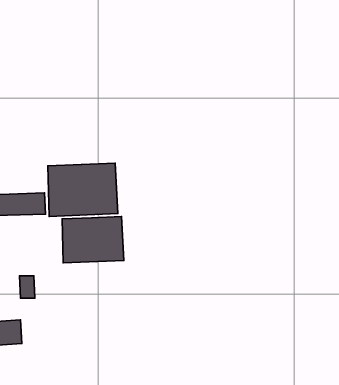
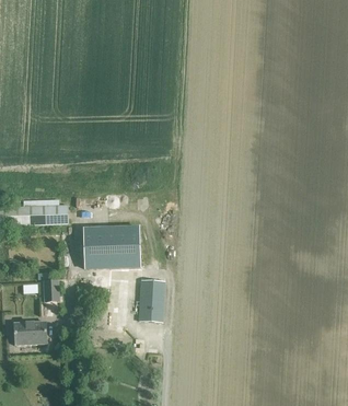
building: [48,163,118,216] -> none
building: none -> [139,279,164,321]

